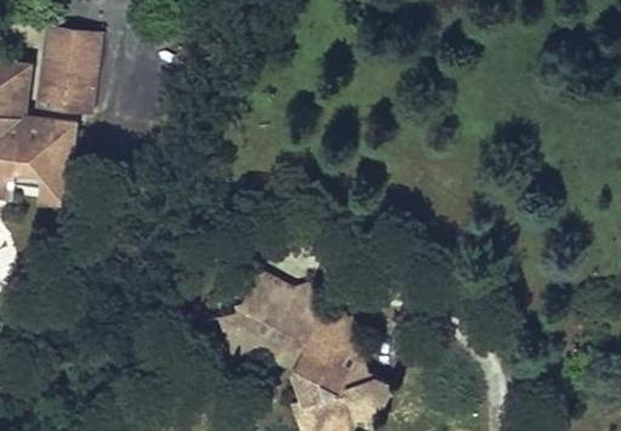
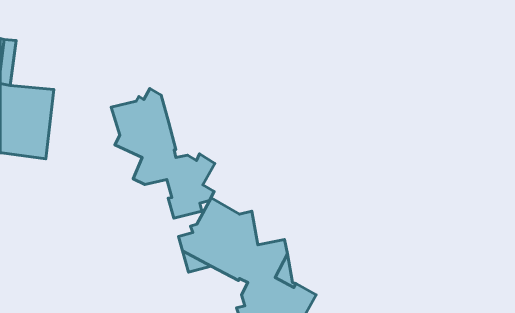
building: [33,39,98,125] -> none
building: none -> [111,89,215,218]

